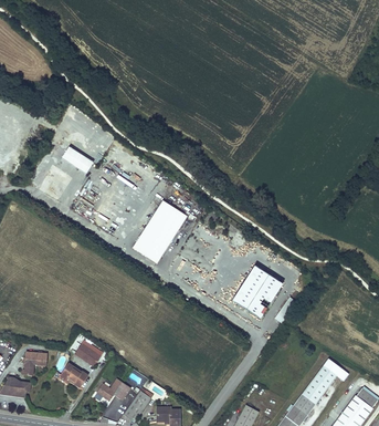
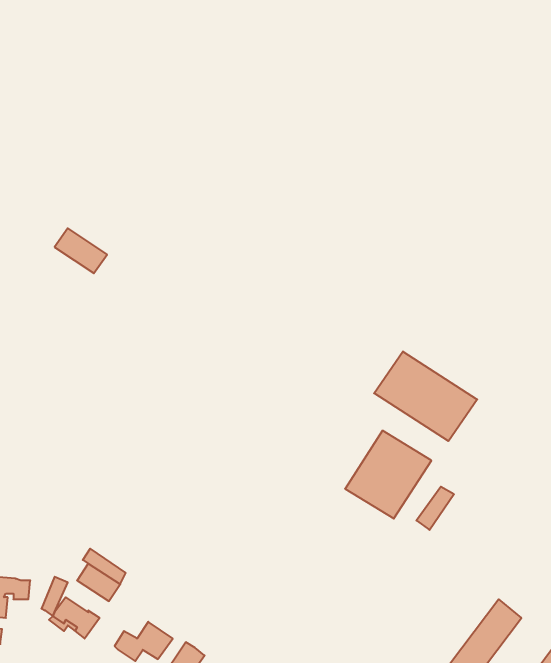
building: [131,199,187,263] -> none
building: none -> [374,351,477,441]

